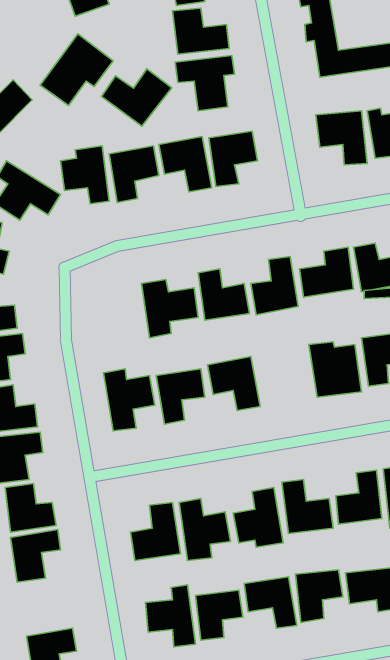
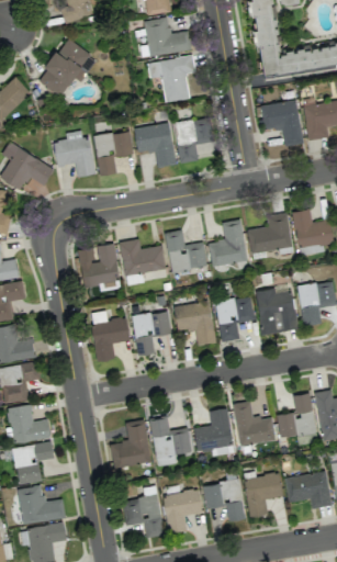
building: [101,69,172,126] -> none
building: none -> [82,243,120,285]
building: none -> [215,295,255,341]
building: none -> [18,485,66,525]

